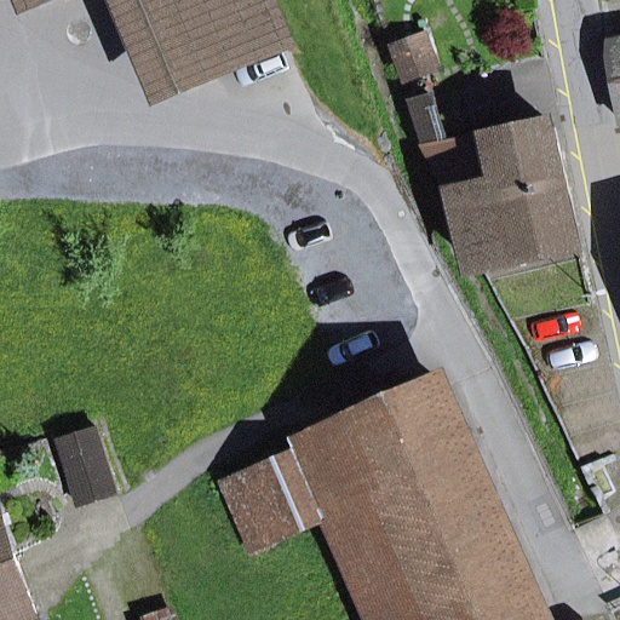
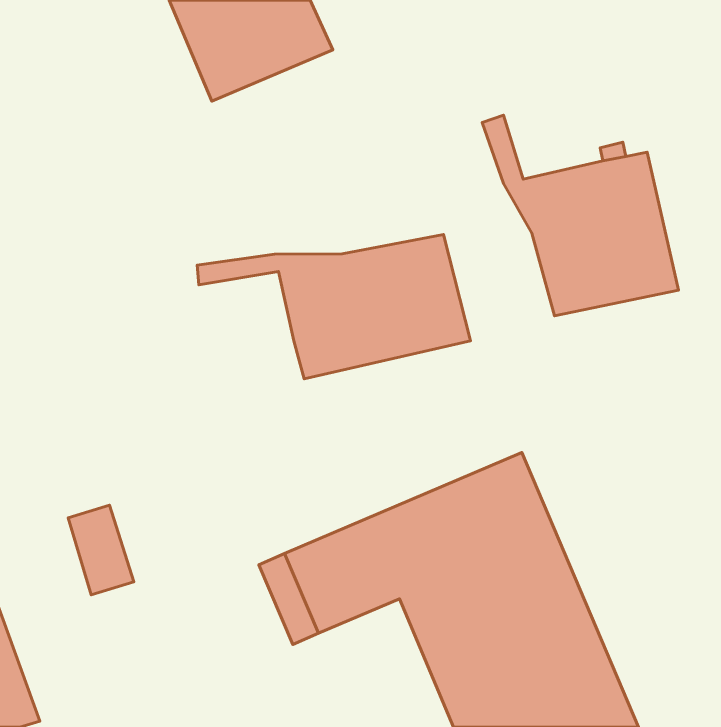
building: none -> [197,234,471,379]

